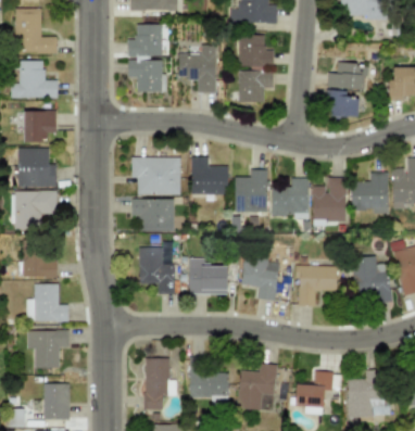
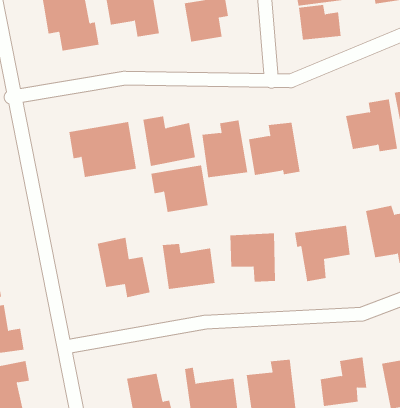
building: [313,177,347,219] -> none
building: [133,199,174,231] -> [151,165,209,212]

